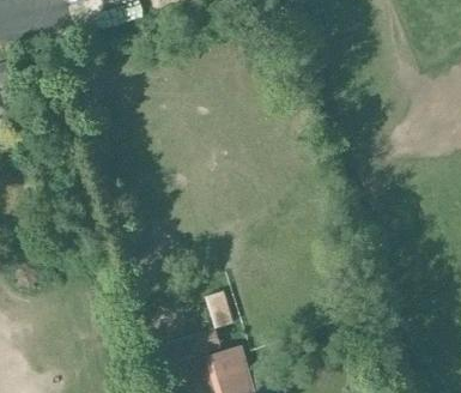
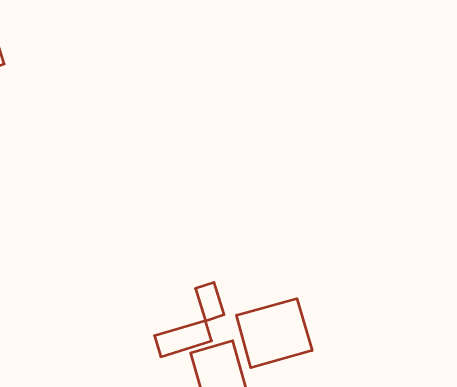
building: none -> [237,299,312,368]

